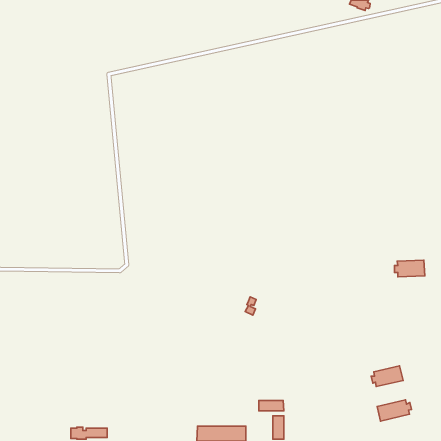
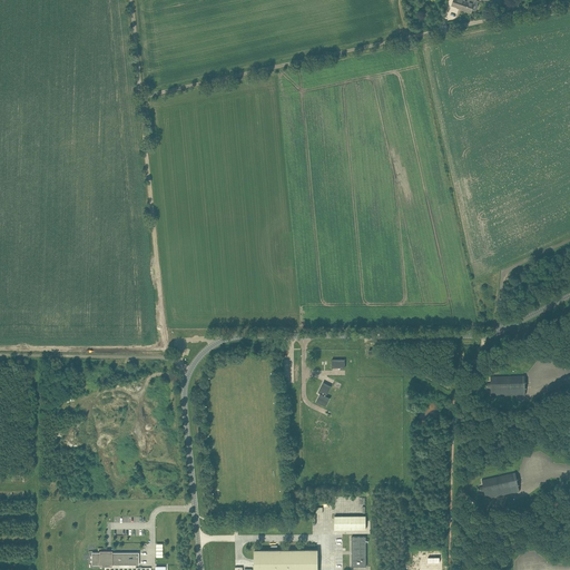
building: [394,260,425,277] -> [487,375,525,396]
building: [377,400,411,421] -> none

